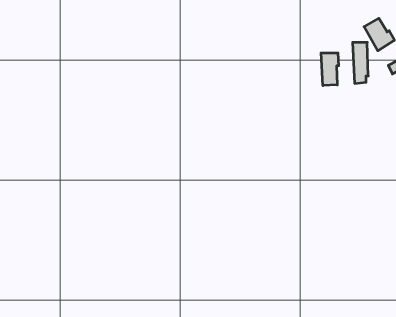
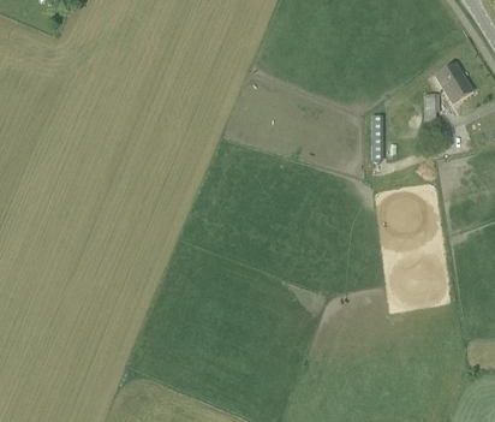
building: [321,53,339,86] -> none

